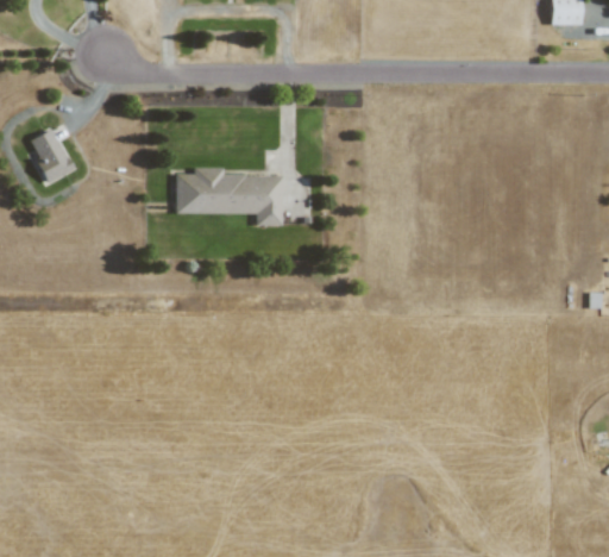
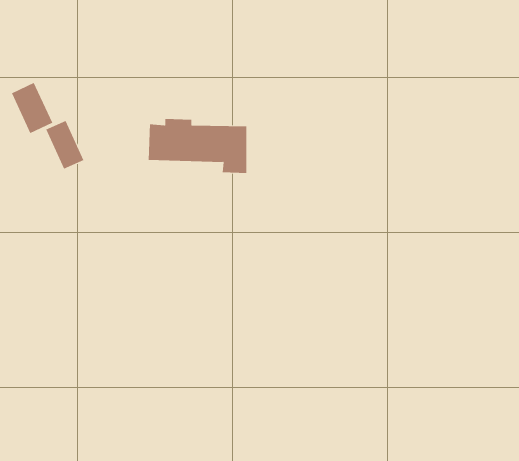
building: none -> [45,120,84,169]

